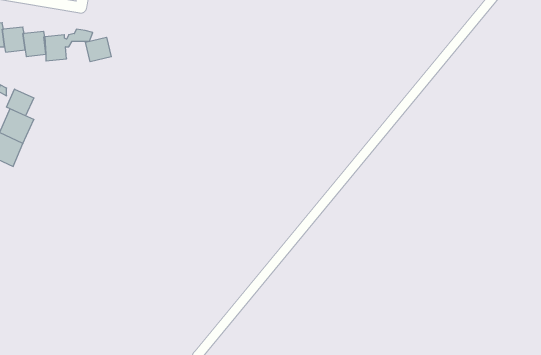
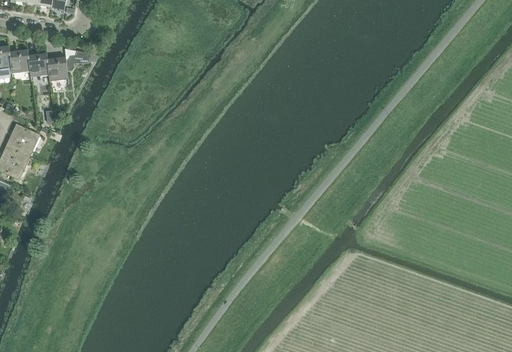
building: [85,37,111,62] -> none
building: [6,89,34,116] -> none

